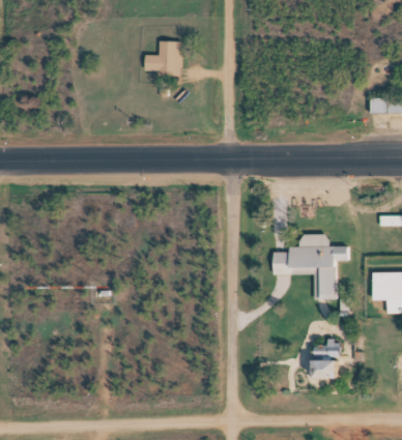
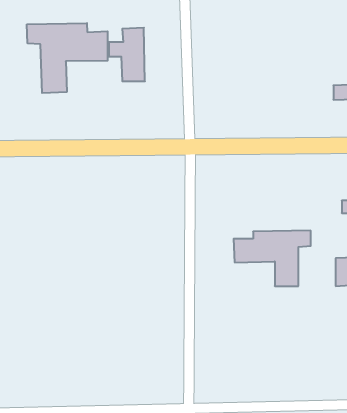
building: none -> [27,23,108,93]
building: [310,346,344,378] -> none

